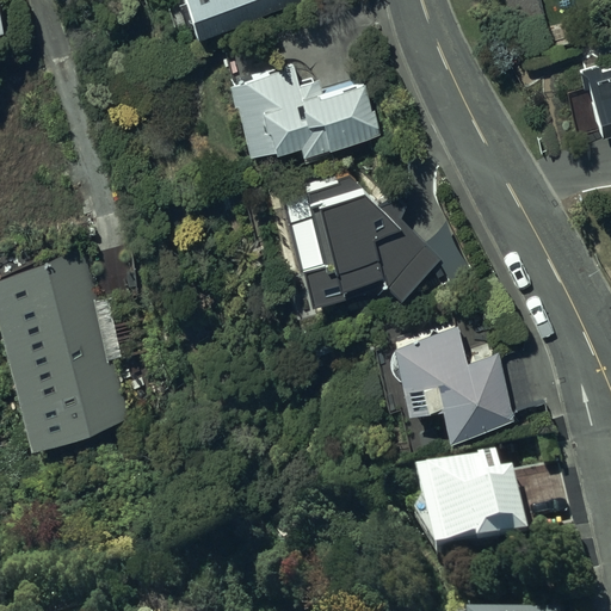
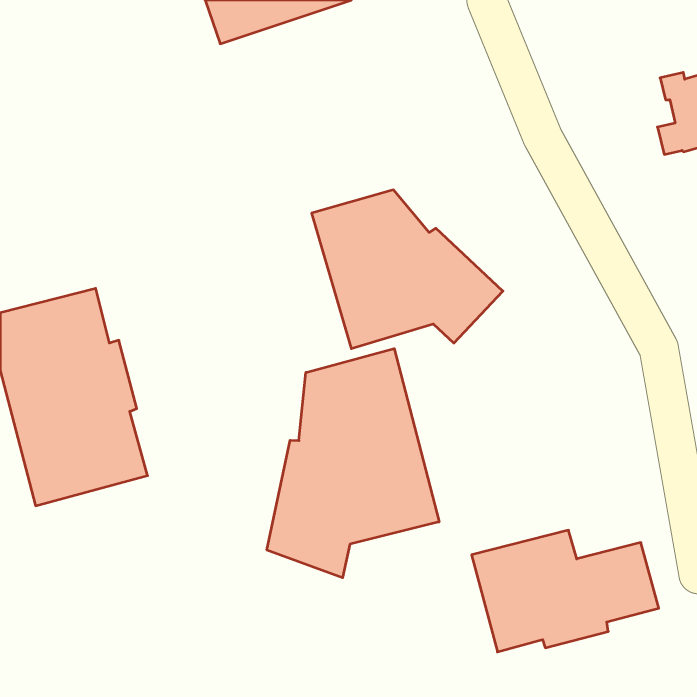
building: [224,67,379,163] -> none
building: none -> [267,349,439,578]
building: [388,323,536,437] -> none

